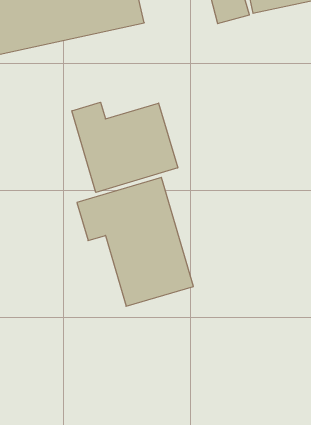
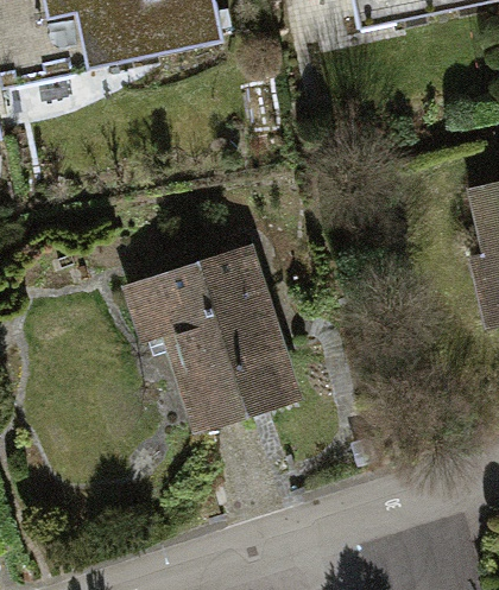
building: [72,102,178,192] -> none

